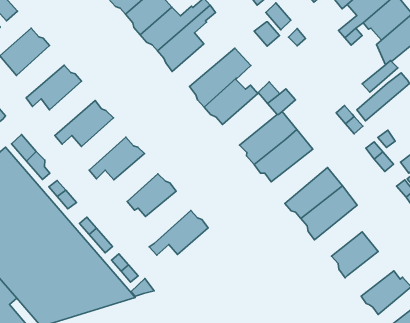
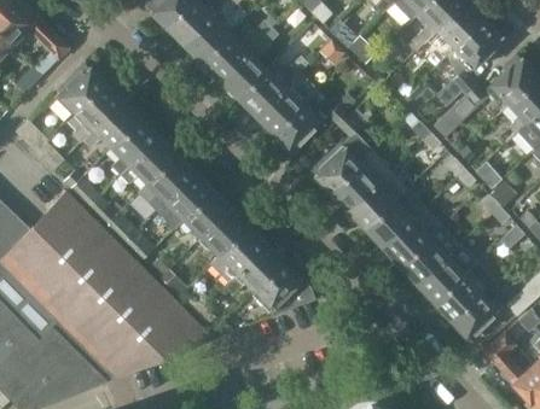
building: none -> [236,54,309,115]
building: none -> [71,82,122,144]
building: none -> [110,117,157,174]
building: none -> [146,153,192,210]
building: none -> [348,171,406,230]
building: none -> [182,188,228,240]
building: none -> [210,226,266,282]
building: none -> [397,223,461,282]
building: none -> [251,262,314,314]
building: none -> [435,268,483,322]

